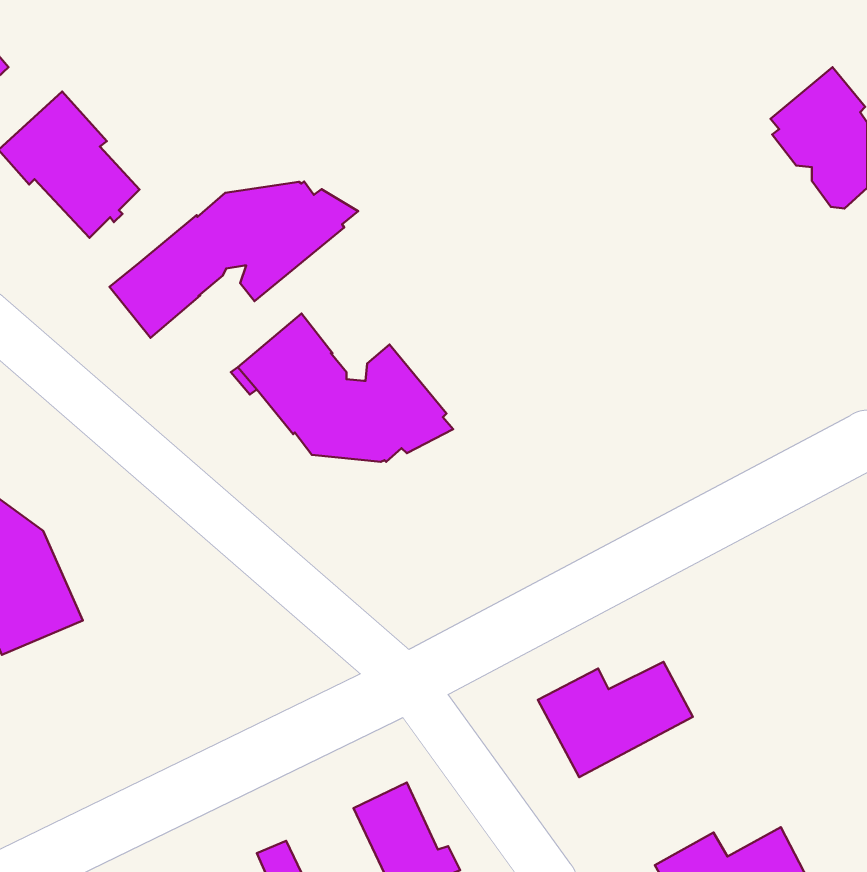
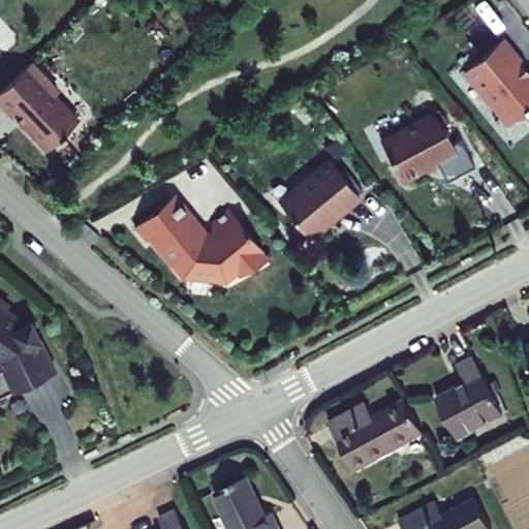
building: [110,181,358,338] -> none
building: none -> [384,118,463,189]
building: none -> [285,165,364,243]
building: none -> [429,363,496,443]

